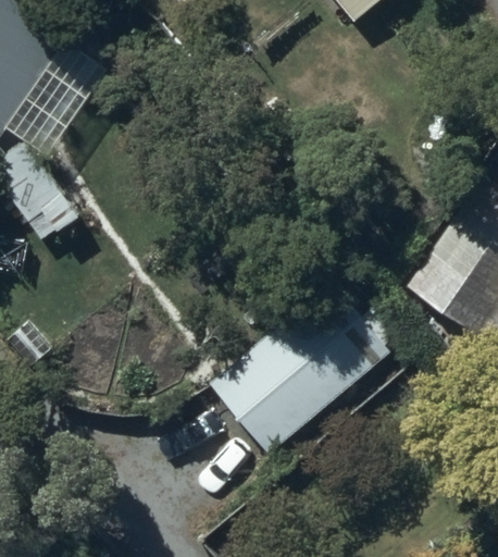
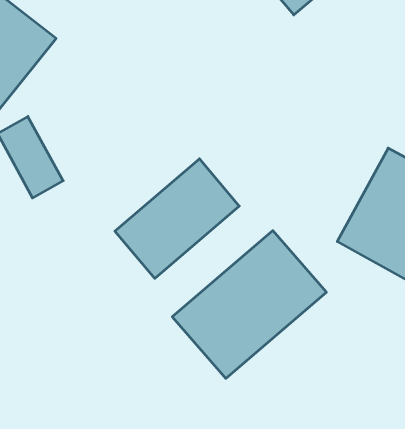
building: none -> [115,159,239,278]

